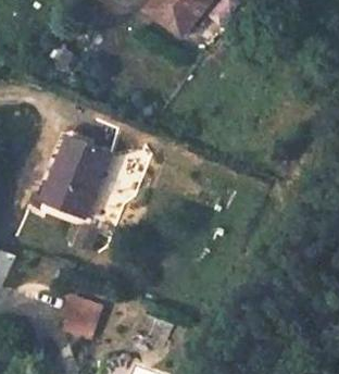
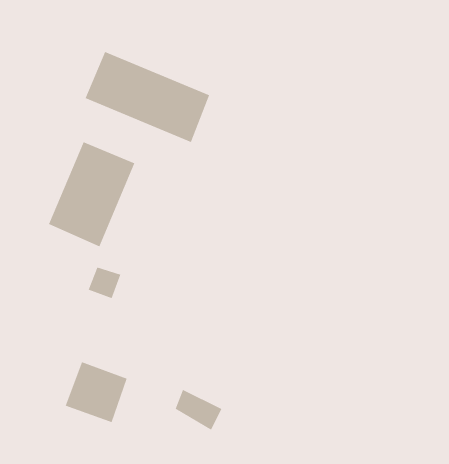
building: none -> [85,51,210,143]

